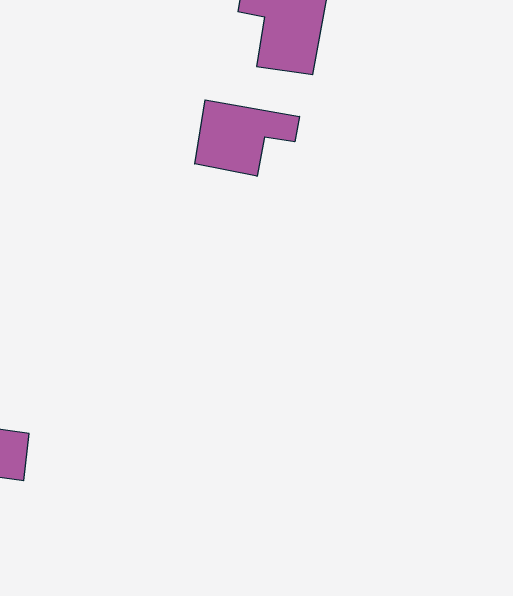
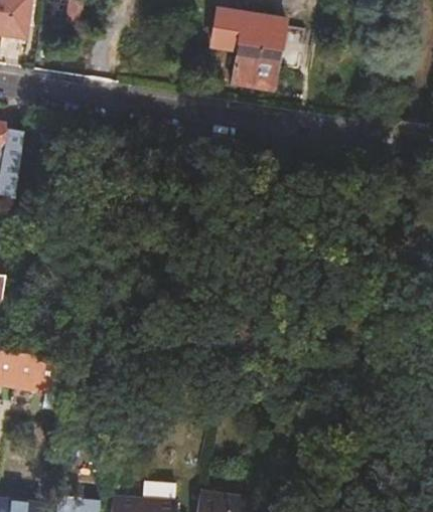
building: [195,100,299,176] -> none

